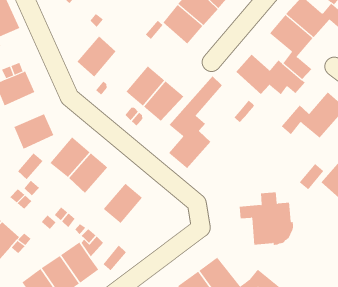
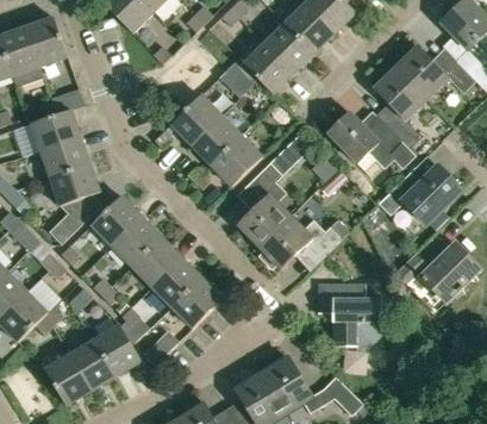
building: [77,35,117,78] -> [170,93,220,144]
building: none -> [40,136,89,176]
building: none -> [258,214,349,268]
building: none -> [131,236,181,286]
building: none -> [171,276,221,328]

